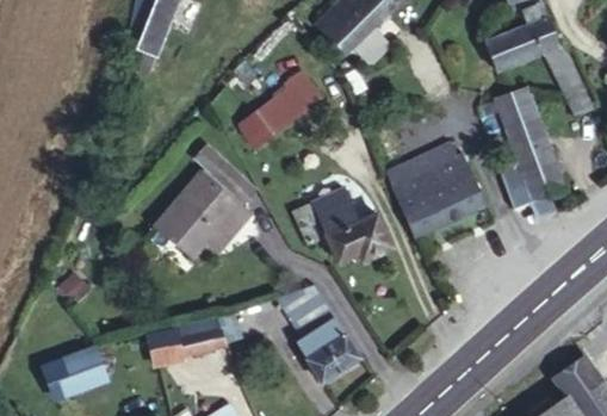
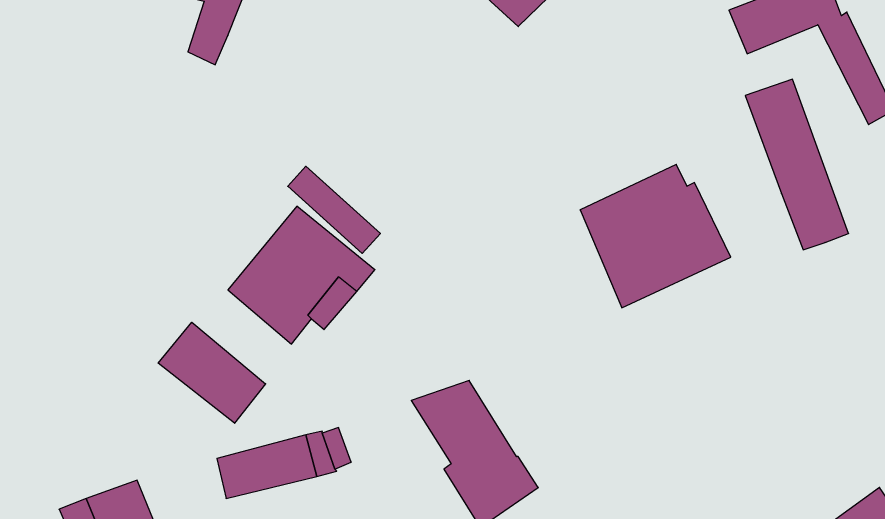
building: [239,54,346,148] -> none
building: [500,162,557,219] -> none
building: [293,190,392,261] -> none
building: none -> [158,322,266,423]

